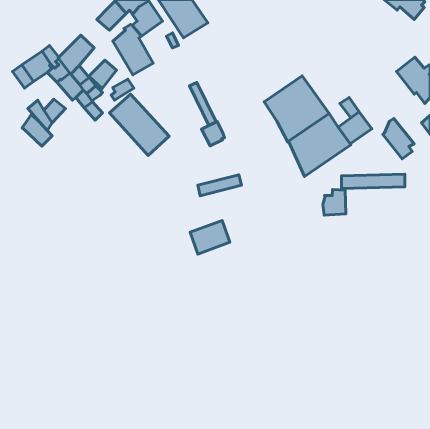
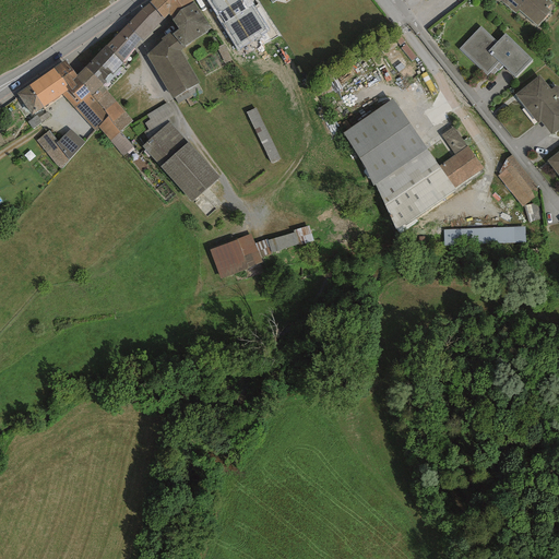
building: none -> [459,25,532,76]
building: [89,60,116,89] -> [105,25,141,62]
building: [22,115,52,146] -> none
building: [202,122,225,146] -> none
building: [323,190,346,215] -> none
building: [190,220,230,254] -> [210,236,261,280]

